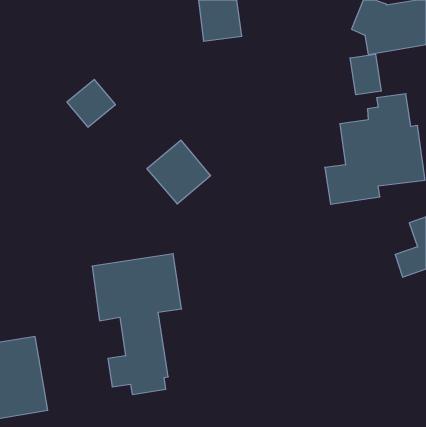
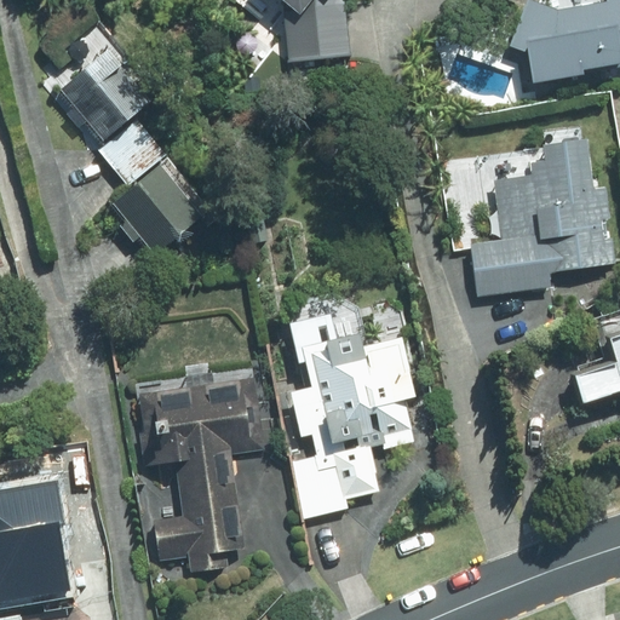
building: none -> [59,46,155,140]
building: [350,54,381,95] -> none
building: [147,140,211,204] -> [113,162,205,254]
building: none -> [289,312,420,517]

